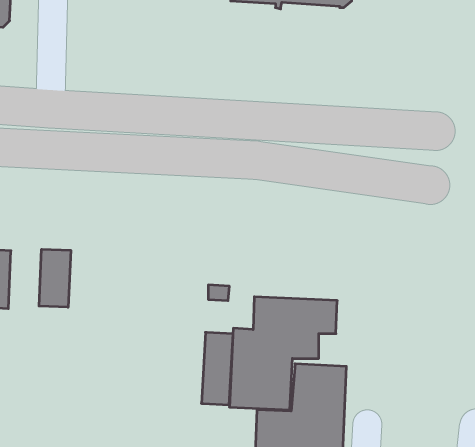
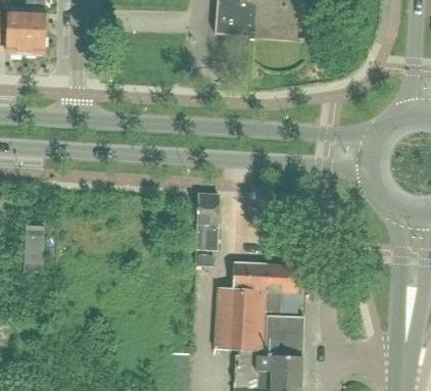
building: [39,249,71,307] -> none
building: [201,332,233,405] -> [194,193,219,249]

